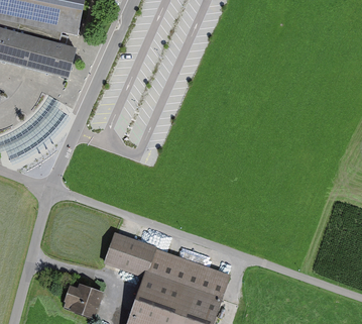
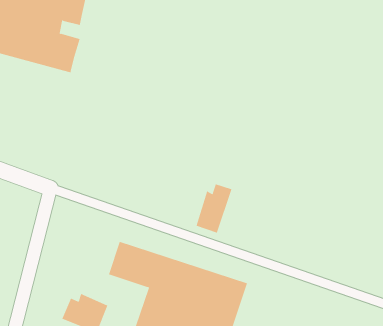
building: none -> [196,184,232,233]

